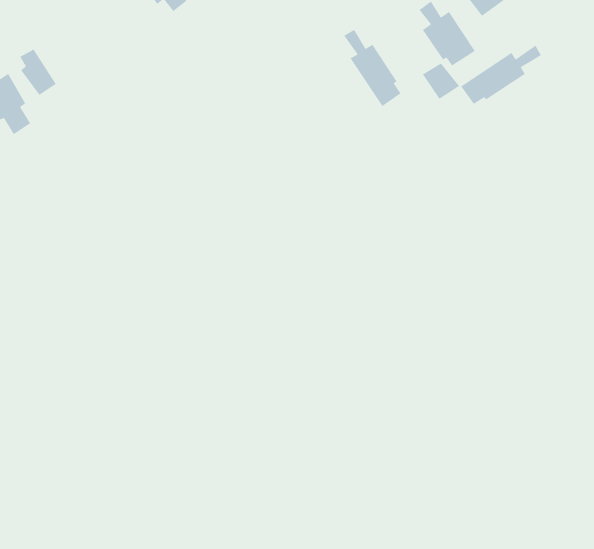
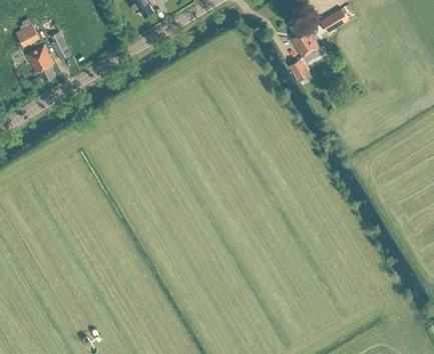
building: [343,29,401,107] -> none
building: [460,44,542,105] -> none

